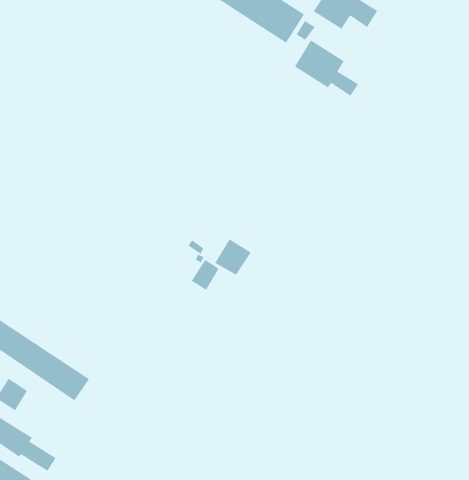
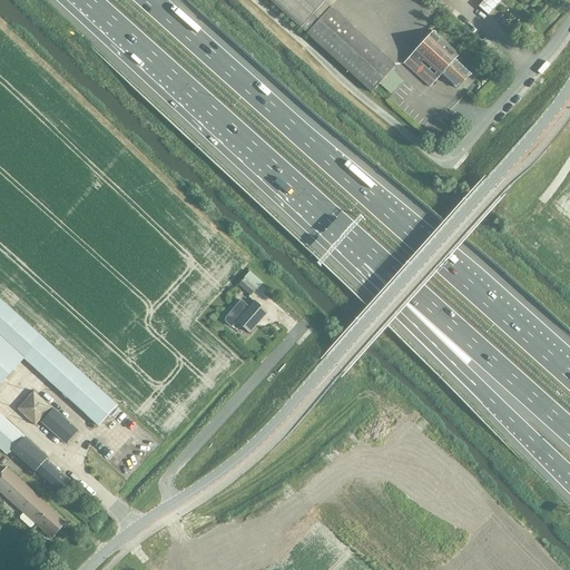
building: [294,39,359,96] -> none
building: [214,239,252,276] -> none
building: none -> [39,406,76,442]

